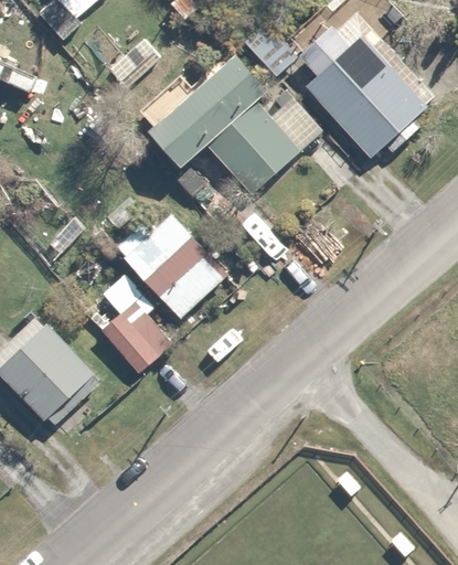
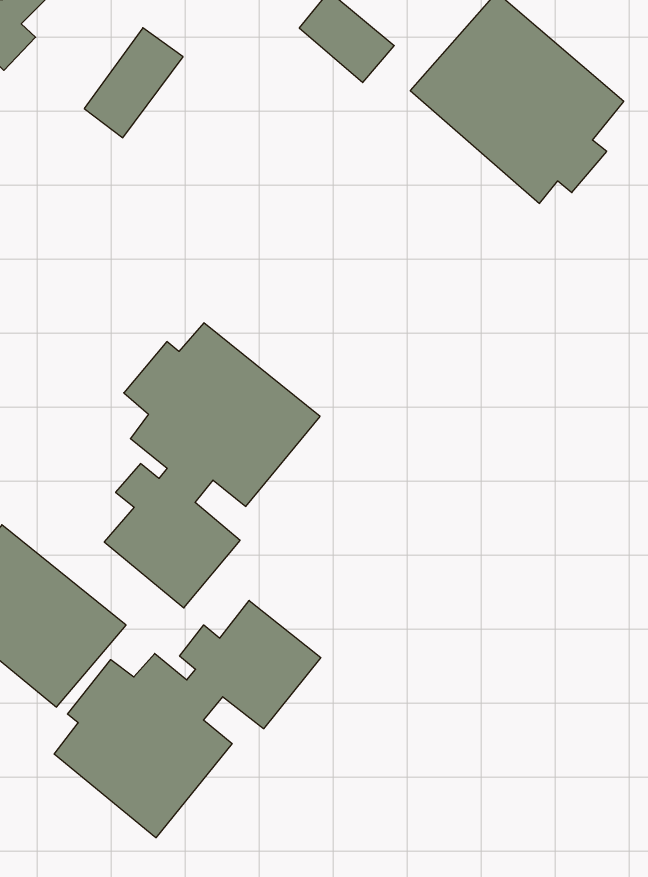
building: [142,46,299,195] -> none
building: none -> [54,600,321,838]

